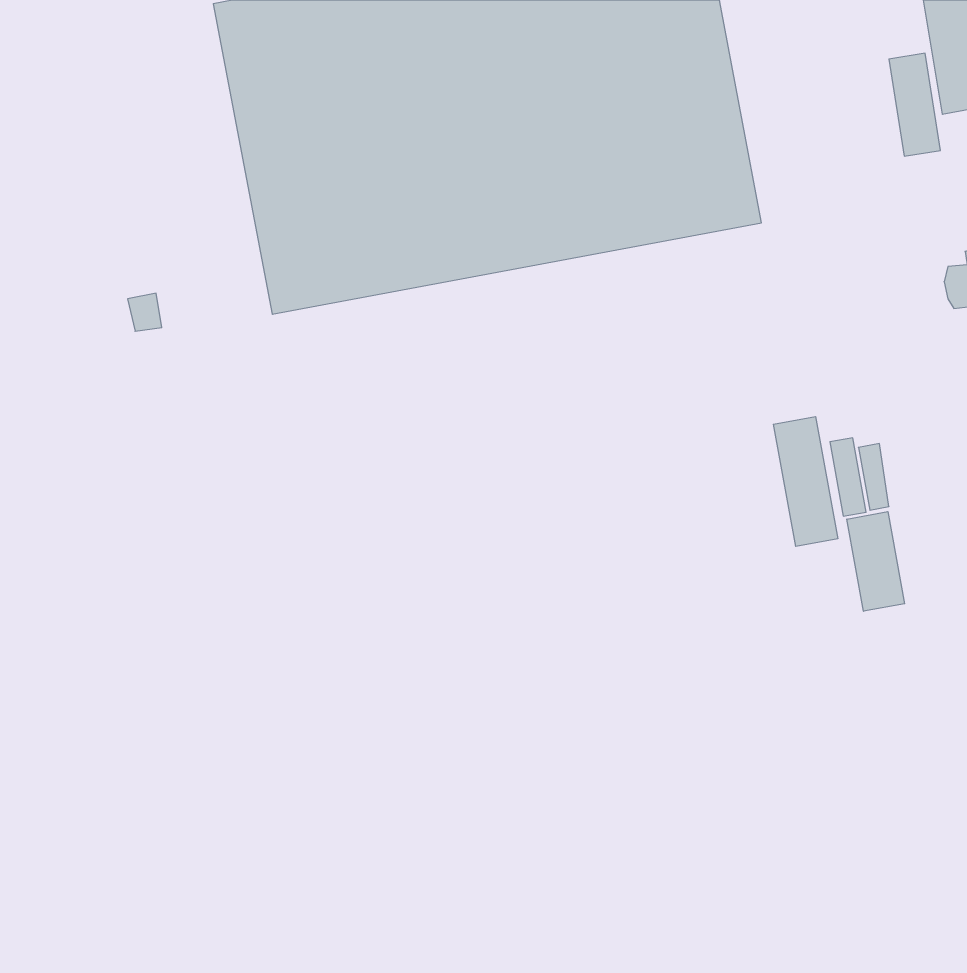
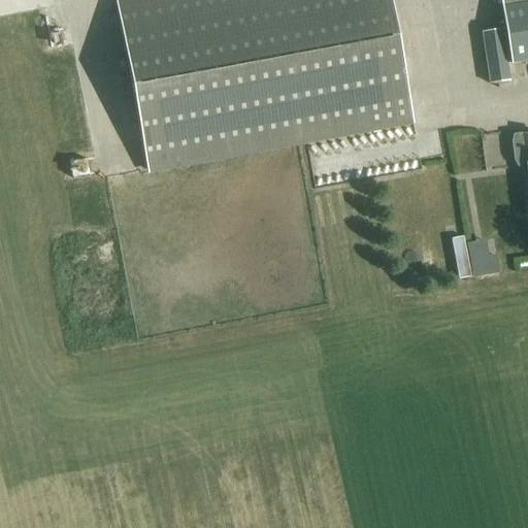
building: [773,417,838,546] -> none
building: [847,512,905,611] -> none

